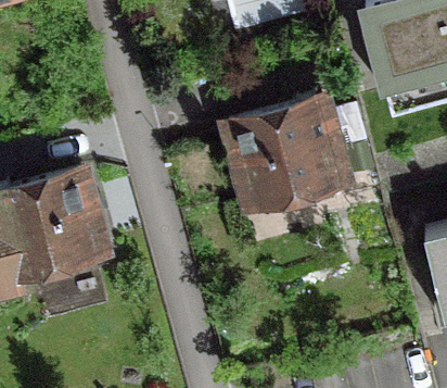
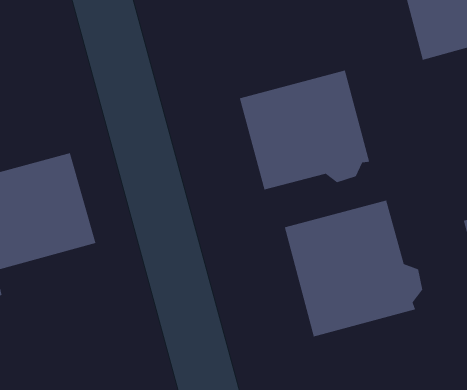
building: none -> [284,200,423,337]

